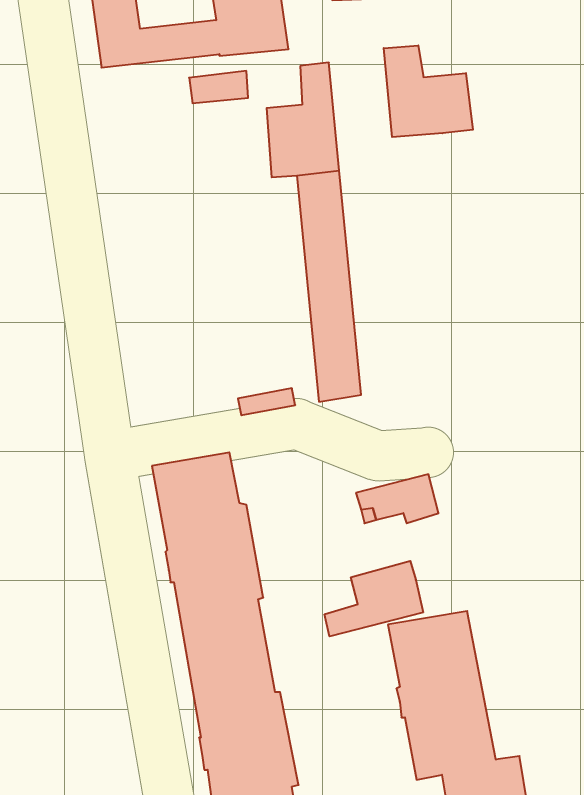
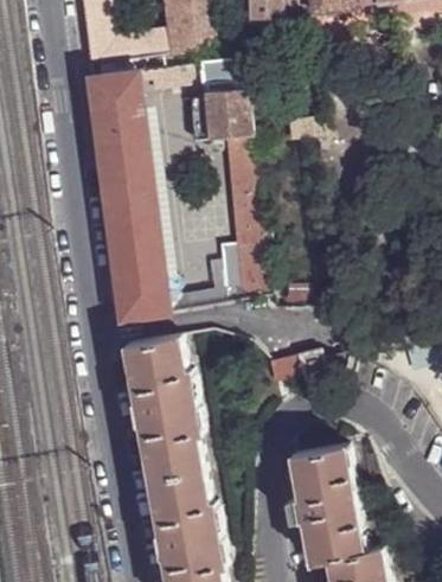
building: [384,45,473,137] -> none
building: none -> [87,71,165,316]
building: [325,561,423,636] -> none

